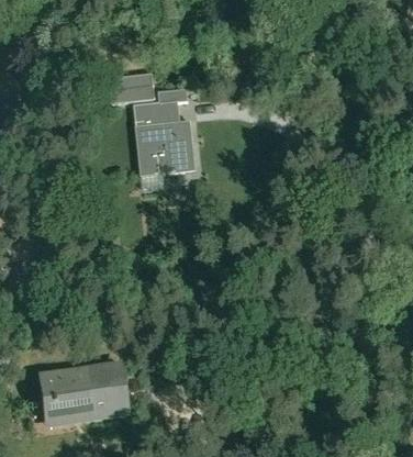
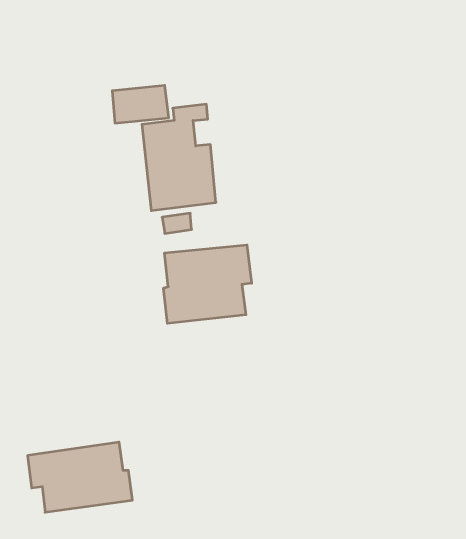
building: none -> [164,245,252,323]

